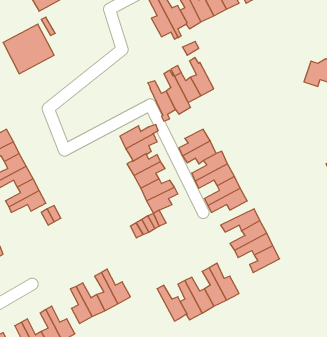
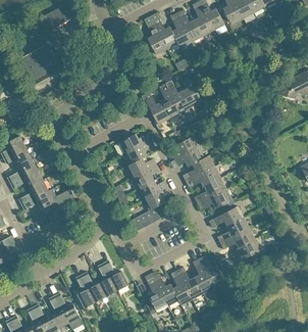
building: none -> [141,277,167,312]

